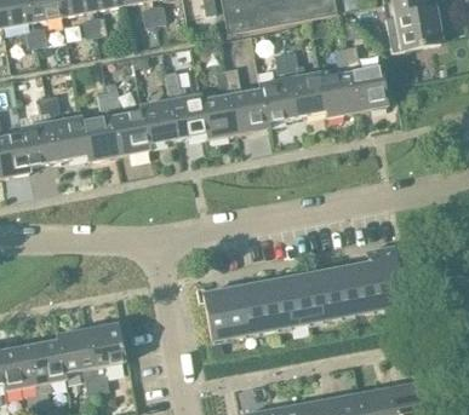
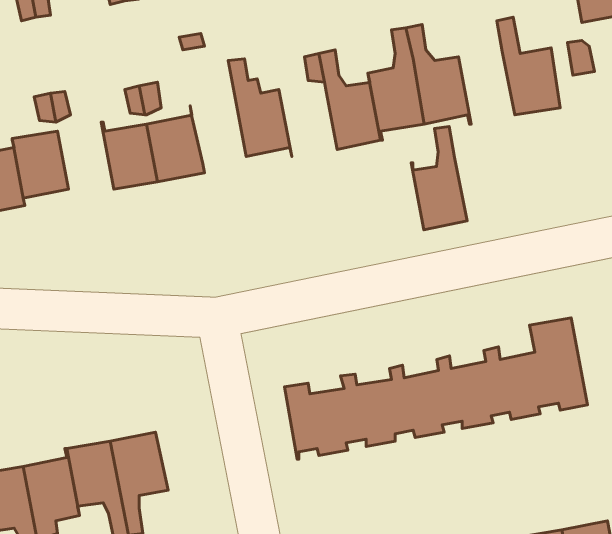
building: [320,47,358,116] -> [411,127,467,230]
building: [141,74,178,143] -> none
building: [200,93,239,138] -> none
building: [52,115,90,160] -> none

